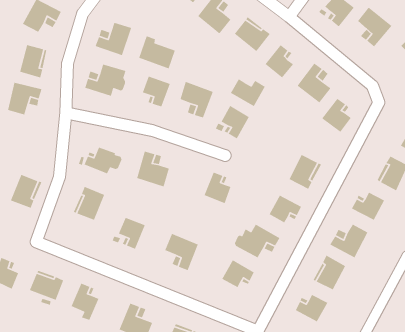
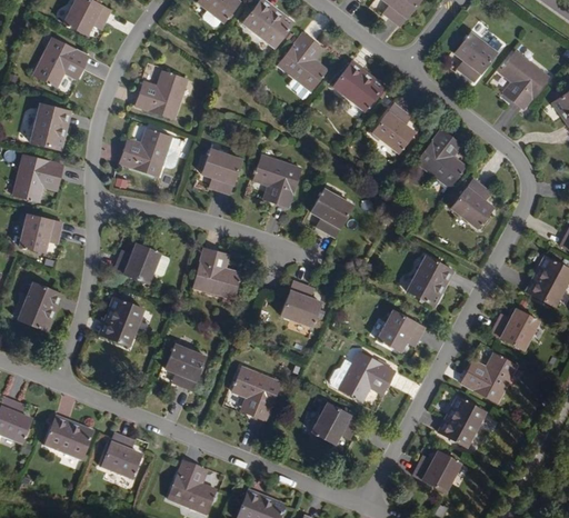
building: [138,35,176,69] -> none
building: [230,78,266,107] -> none
building: none -> [19,212,61,251]

